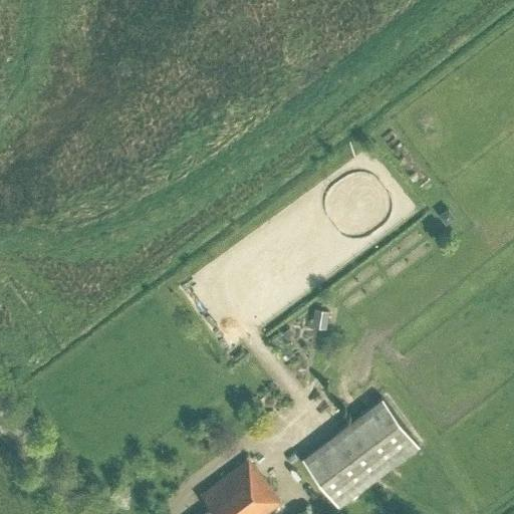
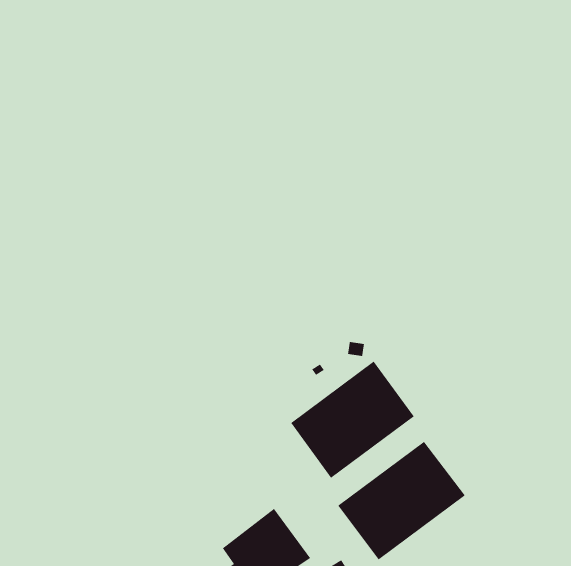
building: none -> [290,361,415,479]

